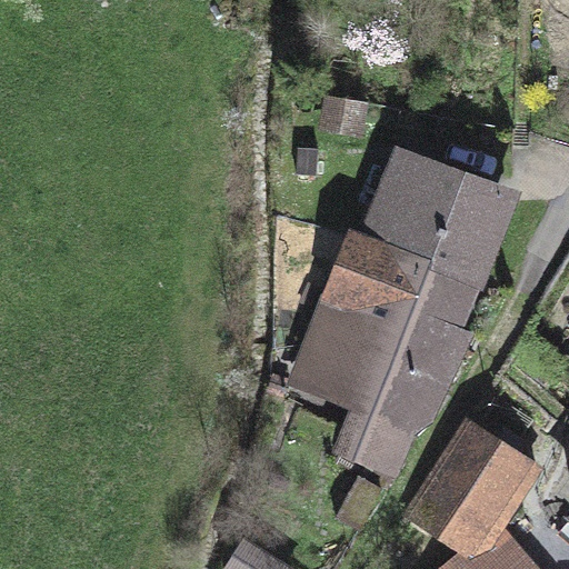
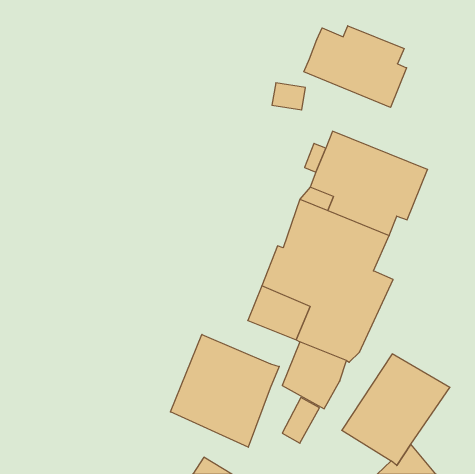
building: none -> [304,26,407,107]
building: none -> [170,334,279,447]

